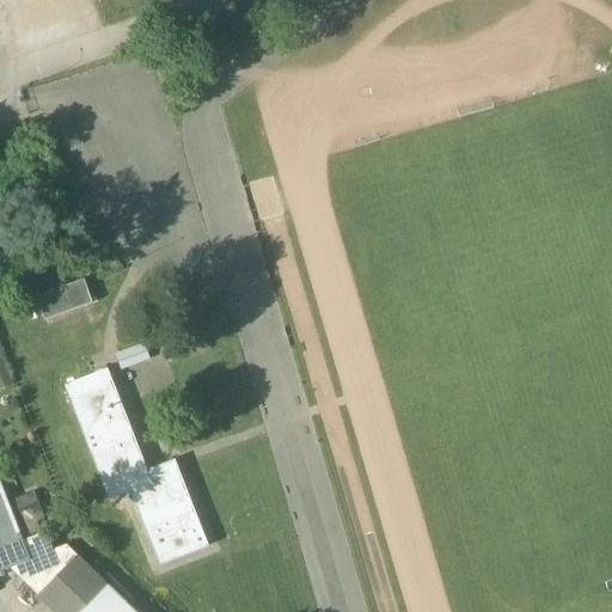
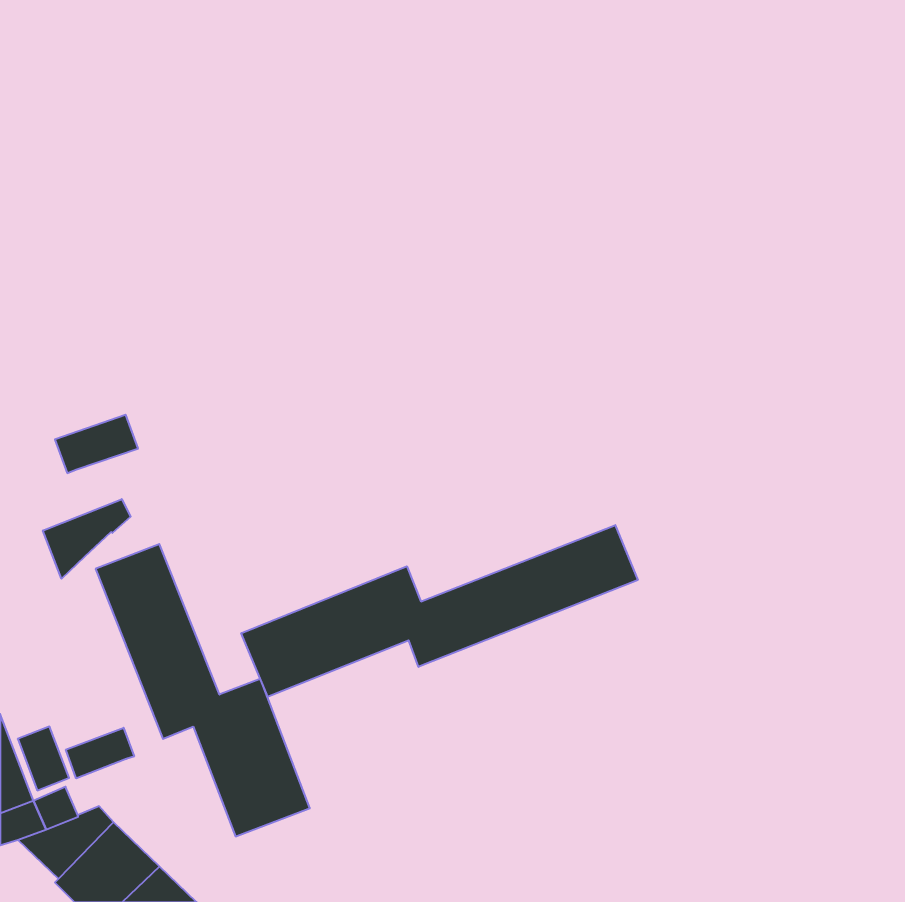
building: none -> [43,499,131,579]
building: none -> [241,525,638,697]
building: none -> [66,728,134,778]

